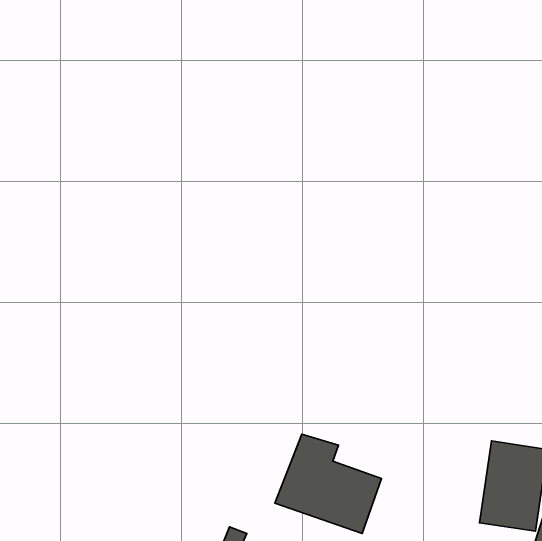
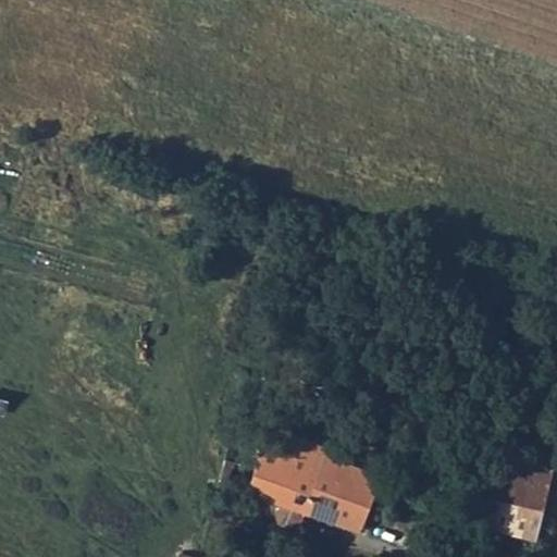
building: none -> [261,440,313,518]

